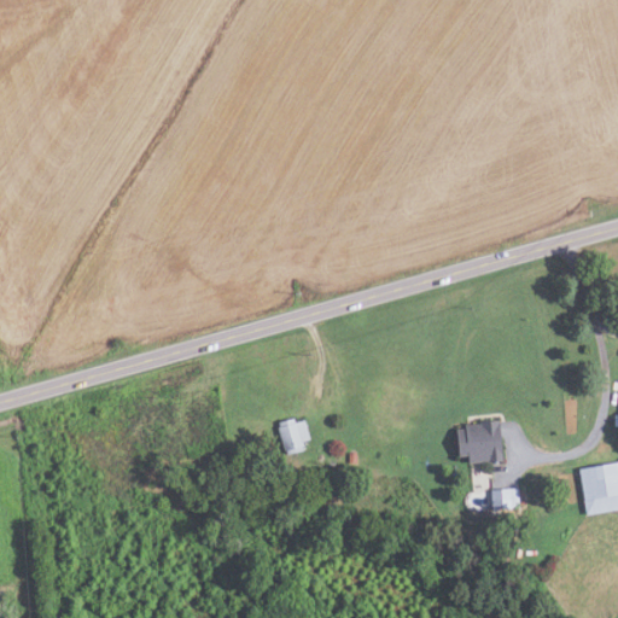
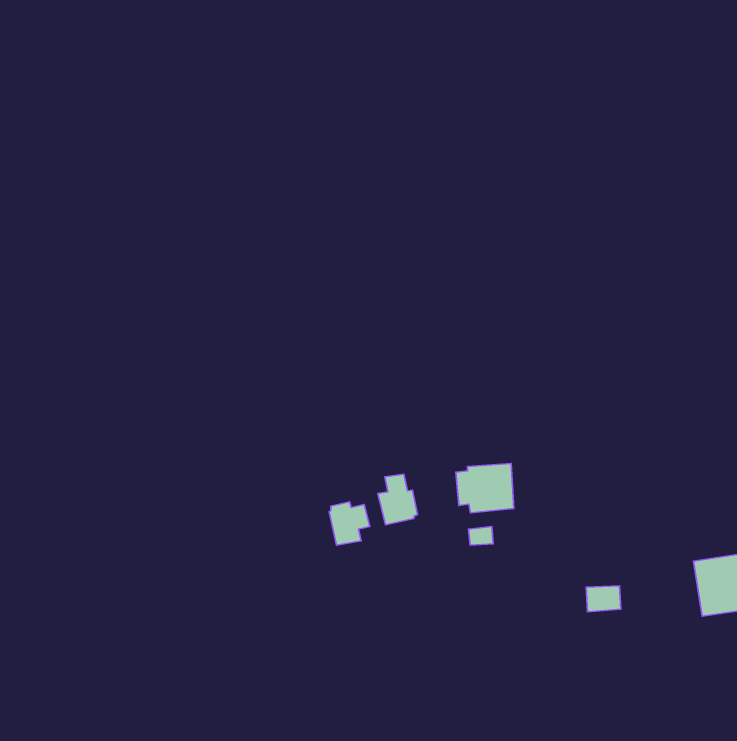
building: none -> [378,474,417,525]
building: [455,421,503,462] -> [456,463,514,513]

